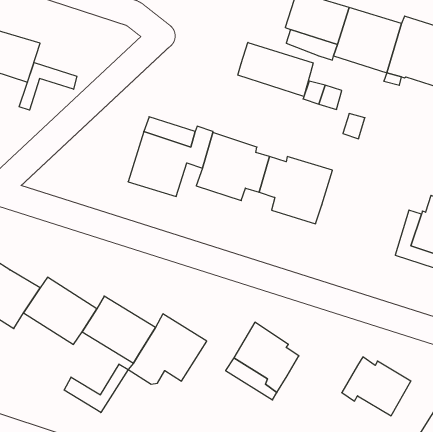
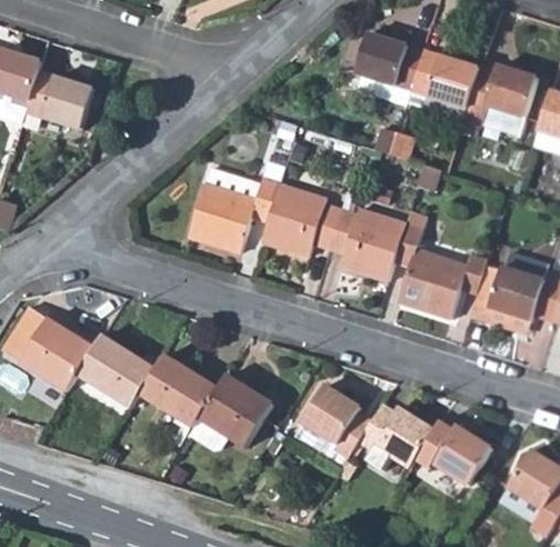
building: [238,42,313,96] -> none
building: [19,63,77,110] -> none
building: none -> [396,212,487,316]
building: none -> [359,402,433,468]
building: [64,364,128,413] -> none

